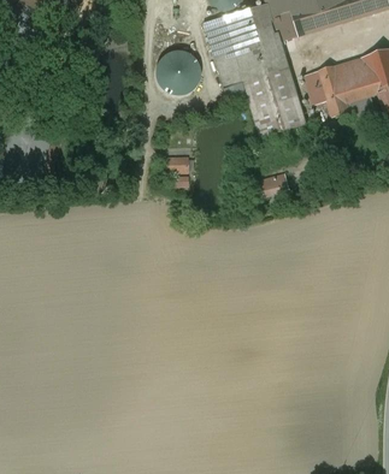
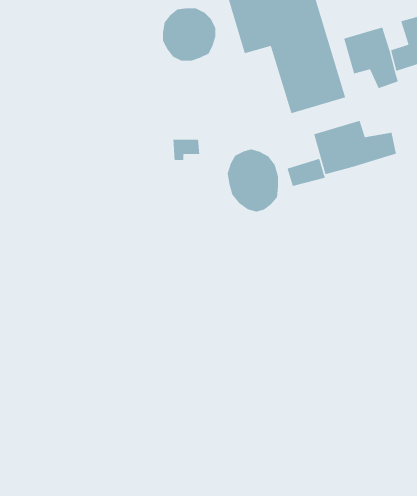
building: none -> [313,120,397,175]
building: none -> [227,149,279,212]

